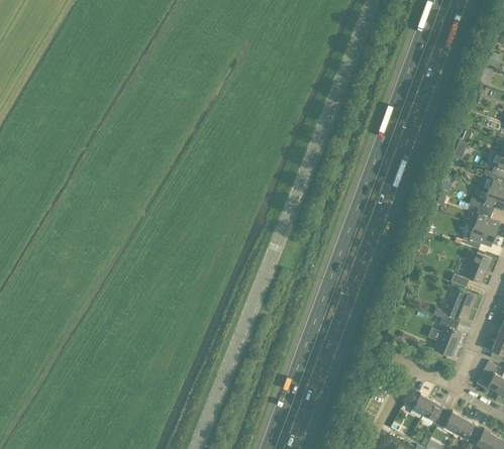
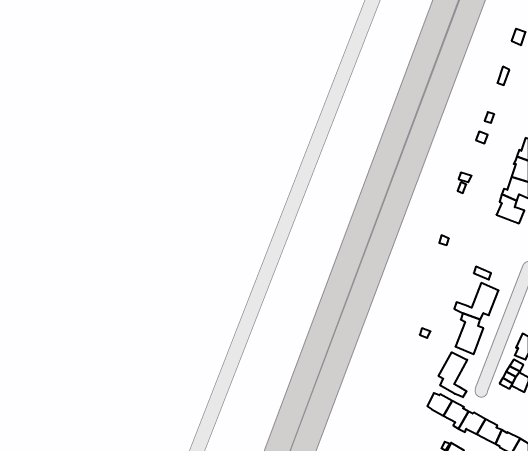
building: [465,226,494,249] -> none
building: [465,253,490,282] -> none
building: none -> [439,352,467,397]

